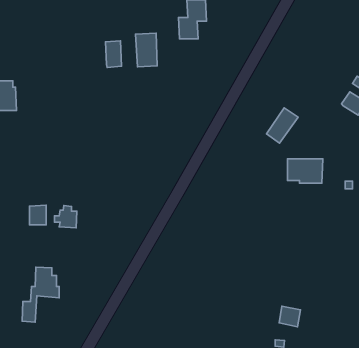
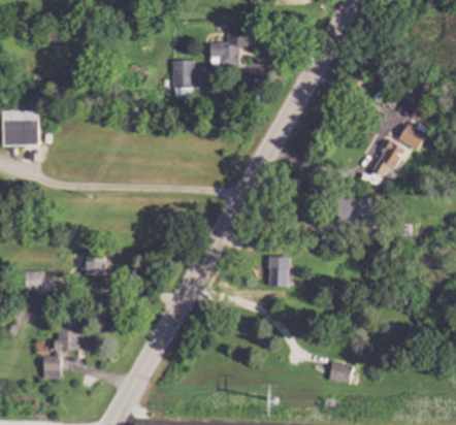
building: [105,41,122,68] -> none
building: [266,108,298,143] -> [370,140,405,179]
building: [30,205,46,225] -> [26,269,44,291]
building: none -> [266,256,290,287]

